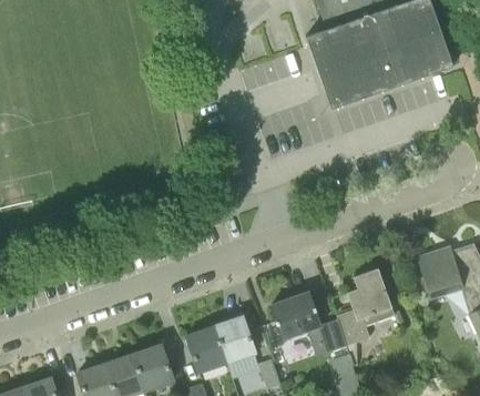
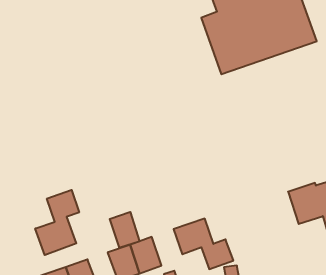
building: none -> [35,190,79,255]
building: [337,268,395,346] -> none
building: none -> [110,212,139,248]

